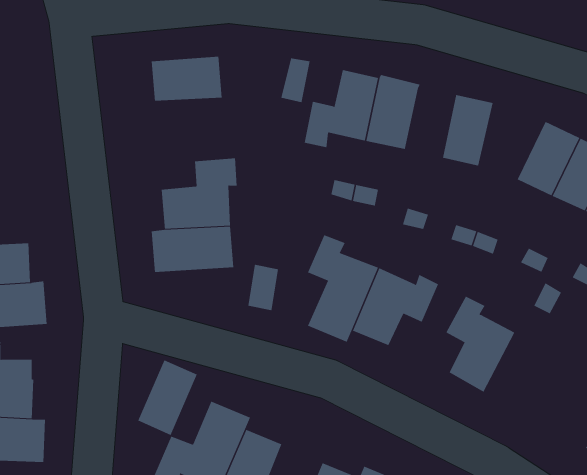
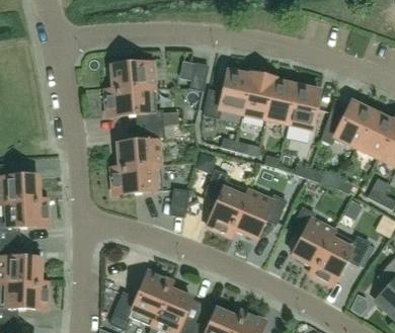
building: none -> [266,80,297,122]
building: none -> [105,86,163,124]
building: none -> [310,229,370,284]
building: [137,359,197,436] -> none

